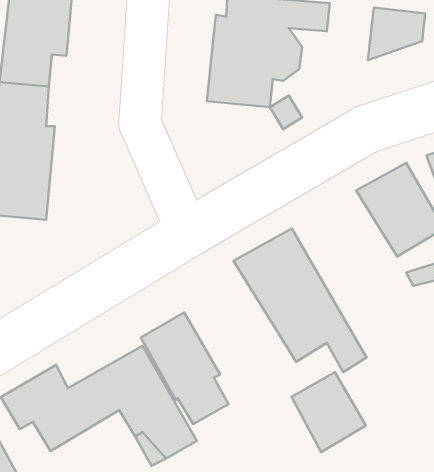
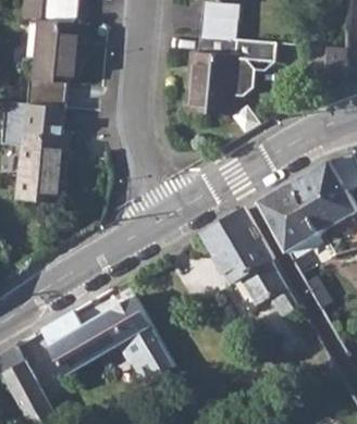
building: none -> [260,182,323,251]
building: [141,312,228,424] -> none
building: [292,372,366,452] -> none

